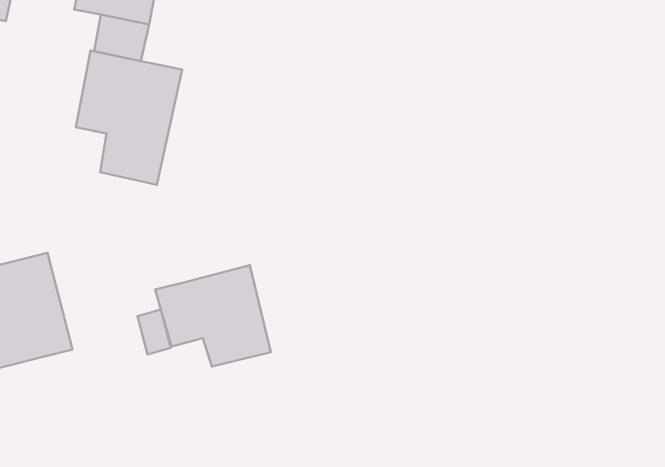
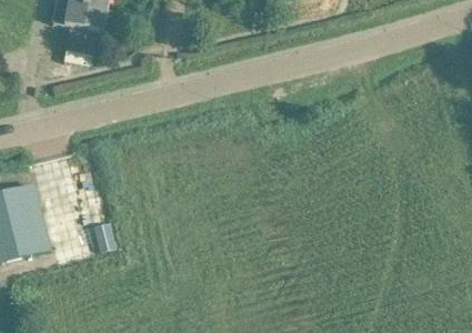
building: [76,50,182,185] -> none
building: [155,265,271,367] -> none

